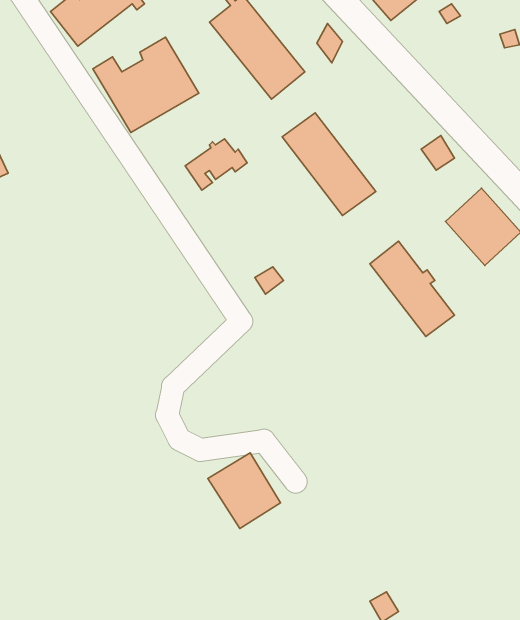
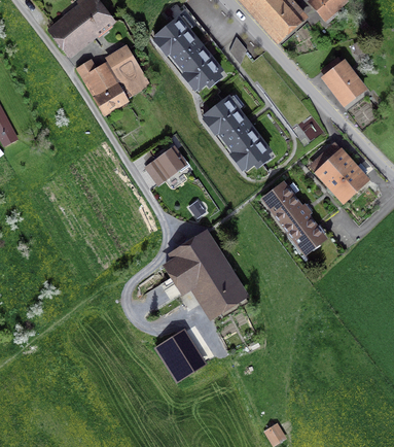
building: none -> [322,59,361,101]
building: [185,139,247,190] -> [147,148,189,183]
building: none -> [166,236,241,312]

